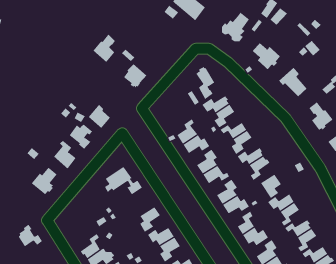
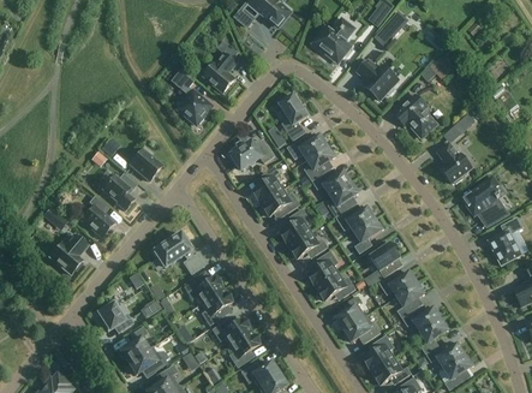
building: [93,33,116,63] -> [204,52,237,93]
building: none -> [229,142,273,168]
building: none -> [185,275,223,302]
building: [18,224,43,247] -> [98,298,133,331]

